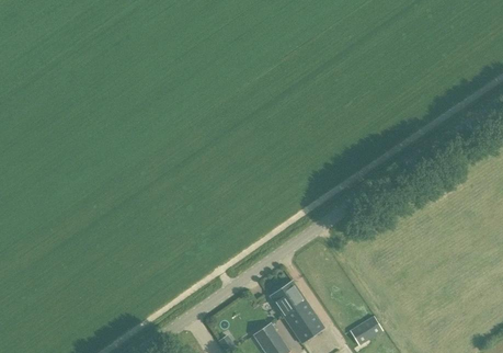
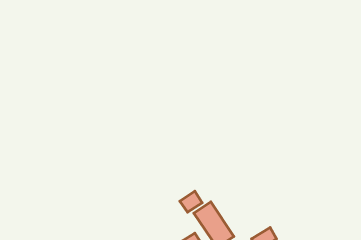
building: none -> [180,191,202,212]

